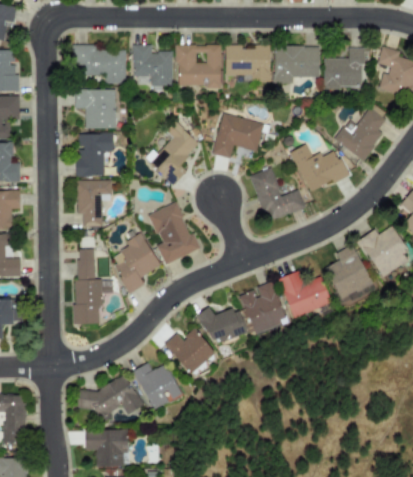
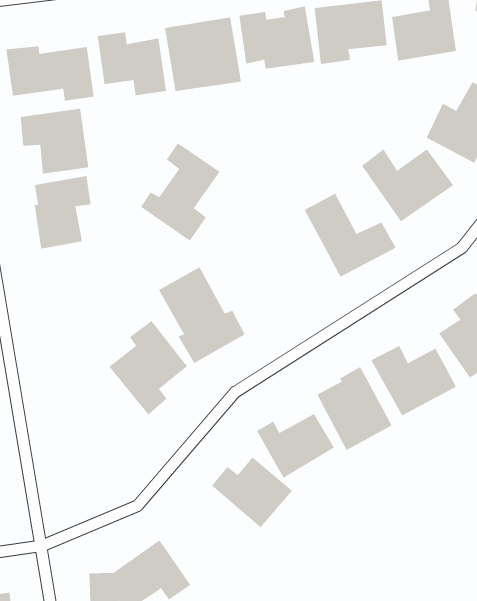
building: [213,113,265,159] -> none
building: [77,181,112,227] -> none
building: [75,250,103,325] -> none
building: [133,364,183,410] -> none

